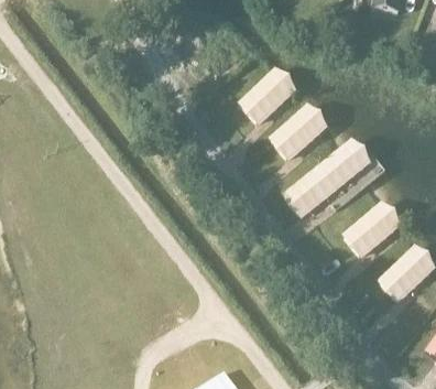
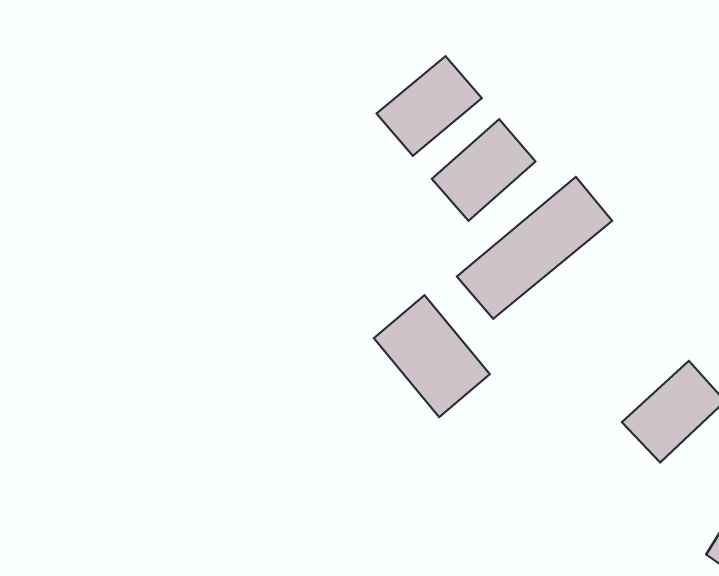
building: [342,201,402,257] -> none
building: none -> [374,295,490,417]

